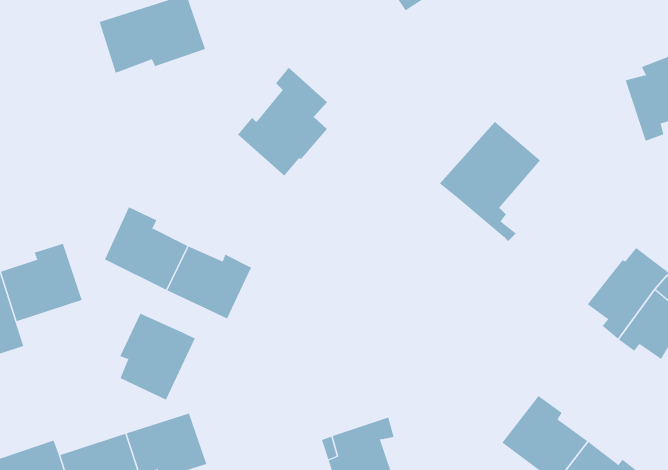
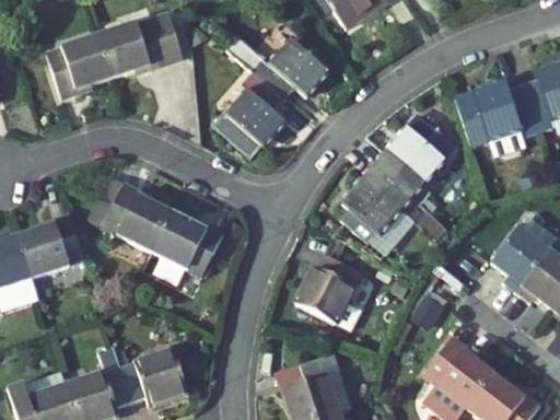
building: none -> [46,35,112,98]
building: none -> [225,35,327,100]
building: none -> [454,81,539,144]
building: none -> [339,165,425,243]
building: none -> [294,256,361,323]
building: [120,313,196,400] -> none

